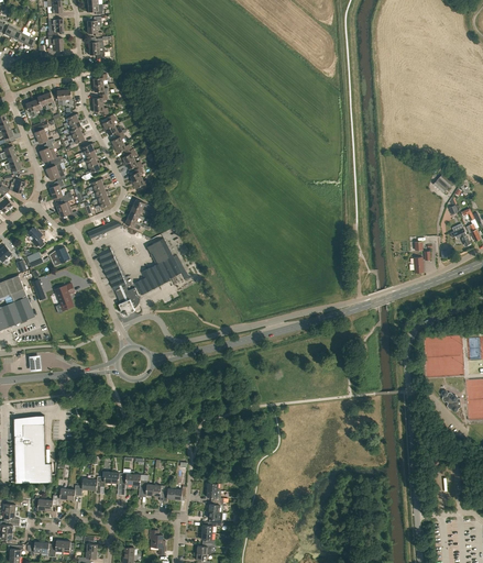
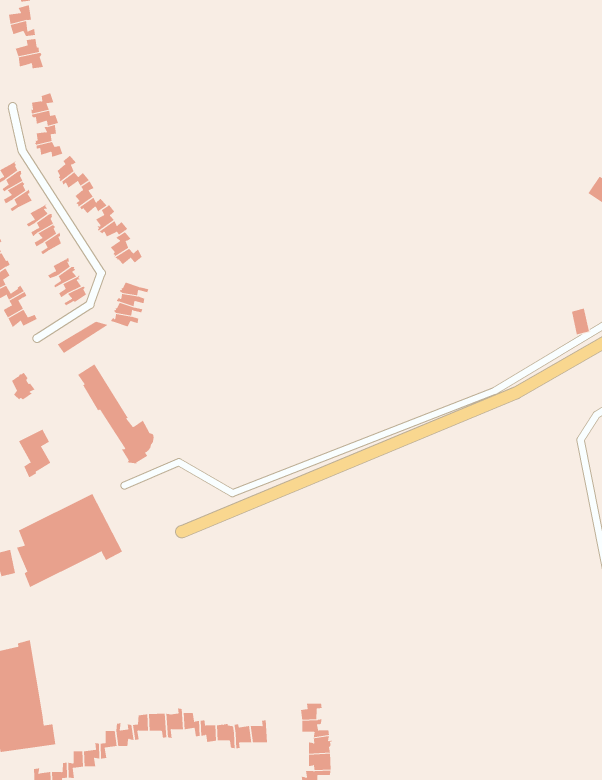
building: [135,239,182,295] -> none
building: none -> [16,493,123,588]

